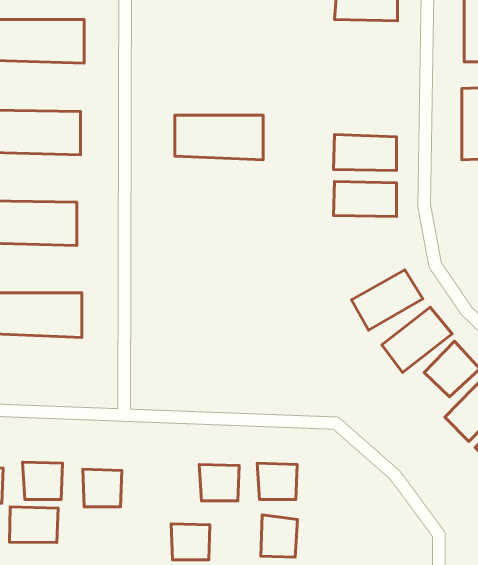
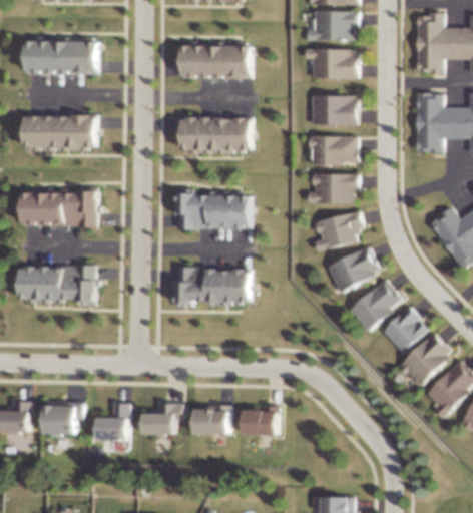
building: none -> [177,42,251,79]
building: none -> [310,47,361,76]
building: none -> [308,93,360,123]
building: none -> [172,192,246,229]
building: none -> [311,208,368,251]
building: none -> [172,268,246,304]
building: [10,507,58,542] -> none
building: [261,515,297,557] -> none
building: [171,524,210,560] -> [145,409,177,439]

